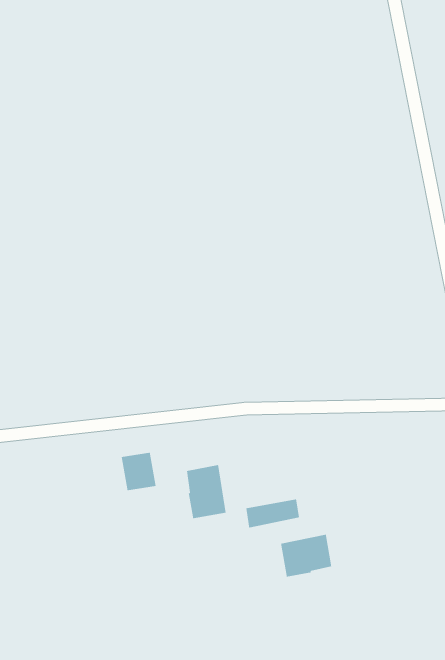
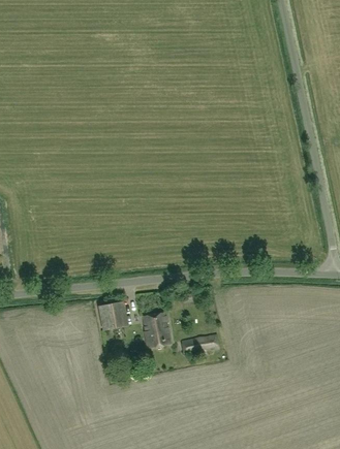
building: [280,534,332,577] -> none

